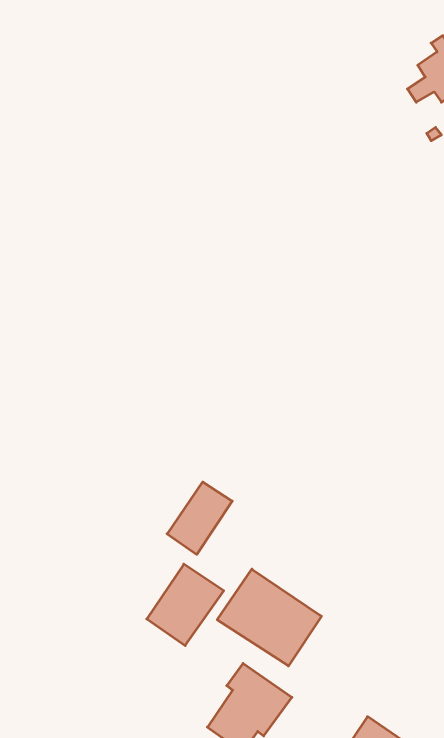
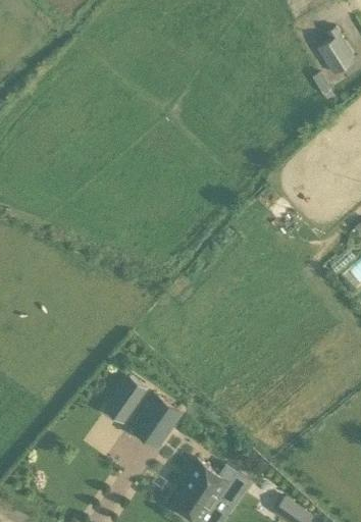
building: [167,482,232,554] -> [102,376,147,426]
building: [217,569,321,666] -> none

